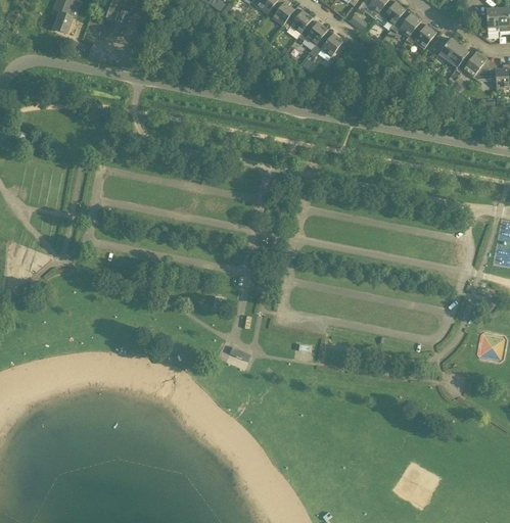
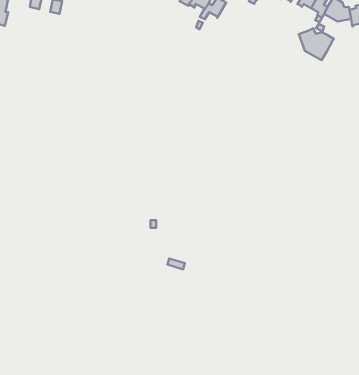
building: none -> [299,28,334,60]

